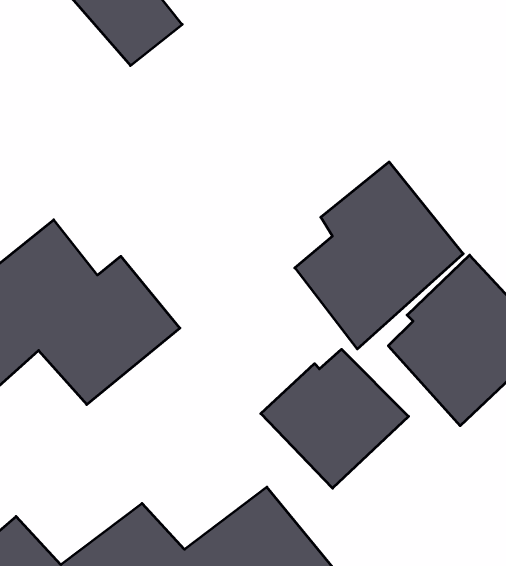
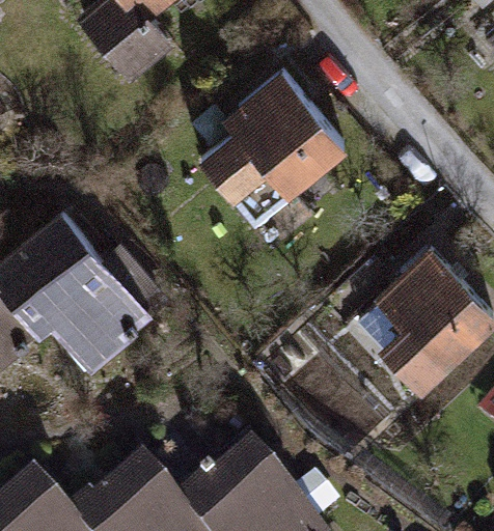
building: [295,162,463,349] -> [198,66,347,231]
building: [261,349,409,488] -> none

